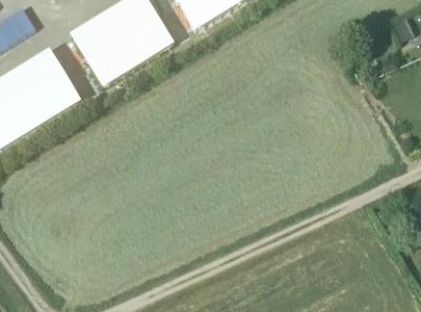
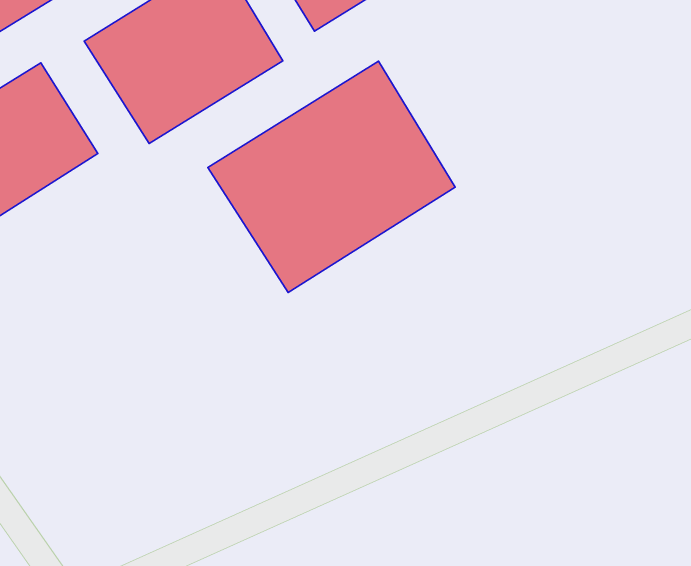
building: none -> [208,61,455,292]

